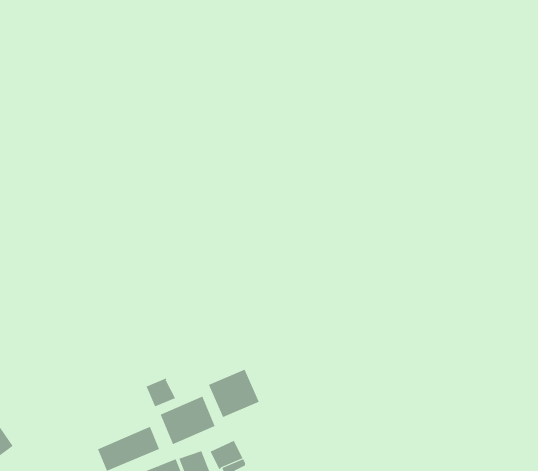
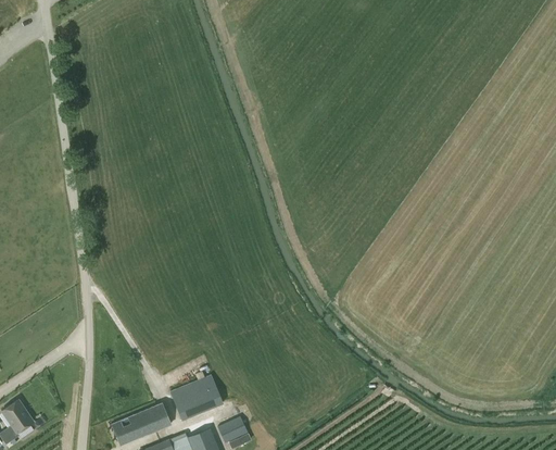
building: [208,369,259,418] -> none
building: [146,378,176,407] -> none

